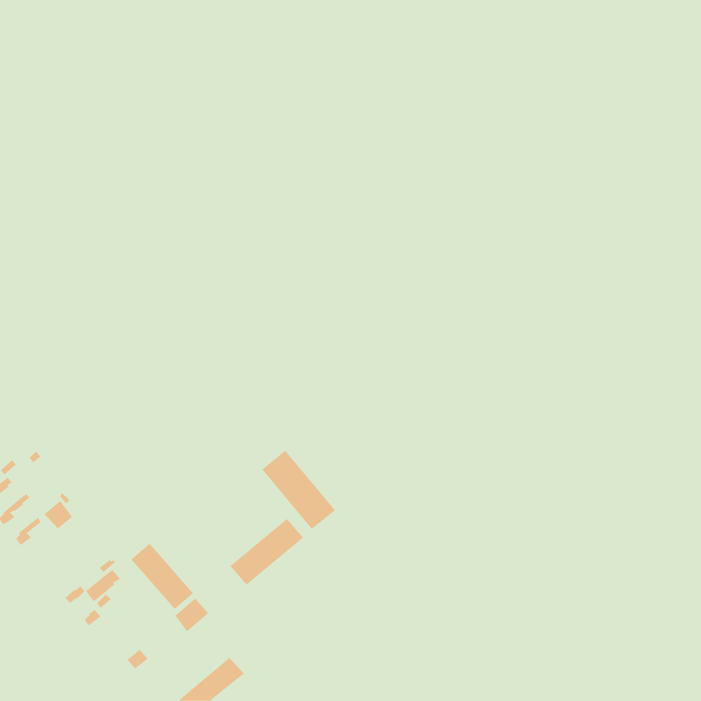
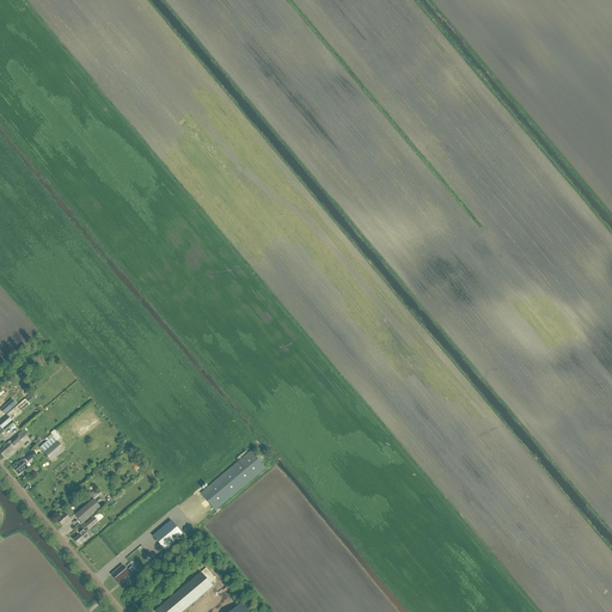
building: [261,450,336,530] -> none
building: [131,543,194,610] -> none

